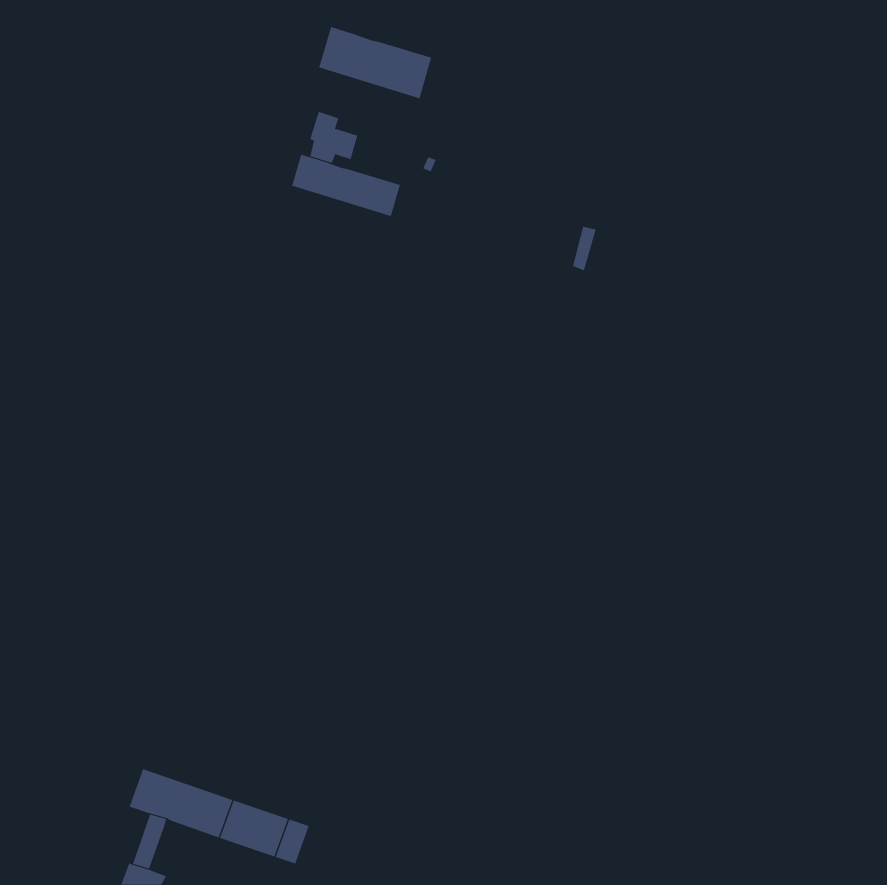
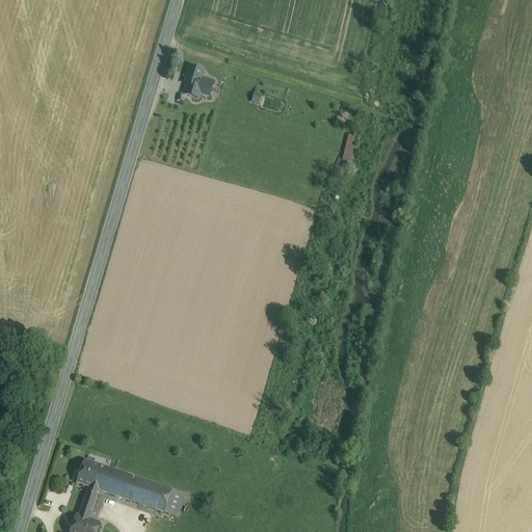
building: [319,26,432,99] -> none
building: [292,154,401,217] -> none

